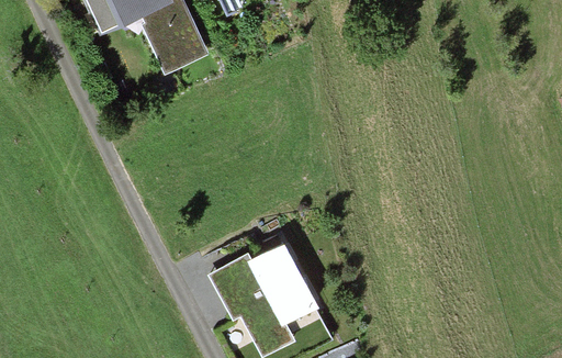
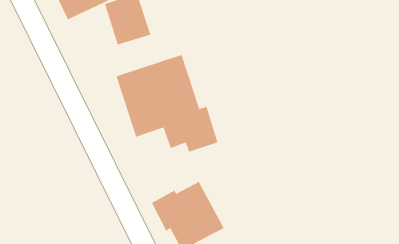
building: none -> [116,54,218,153]

